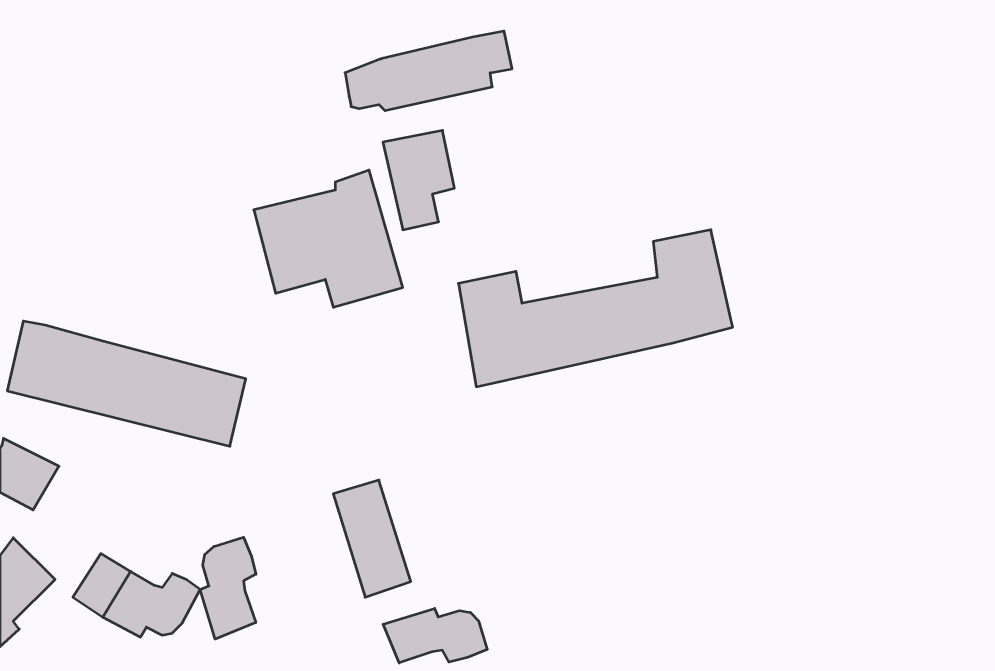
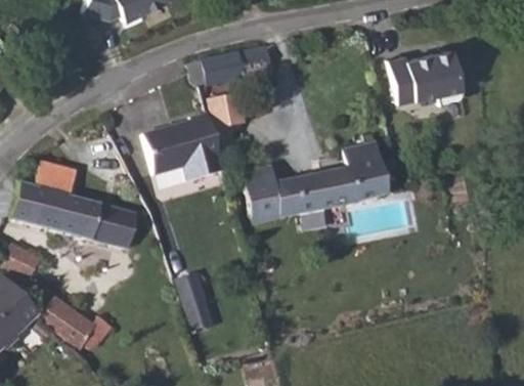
building: none -> [393,50,463,101]
building: none -> [33,164,70,198]
building: [200,537,256,639] -> none
building: [383,608,487,663] -> none

